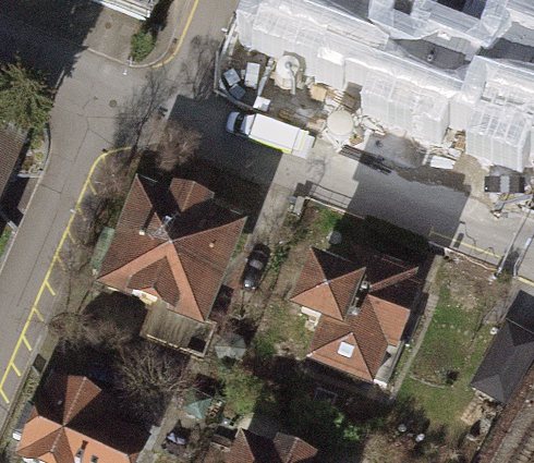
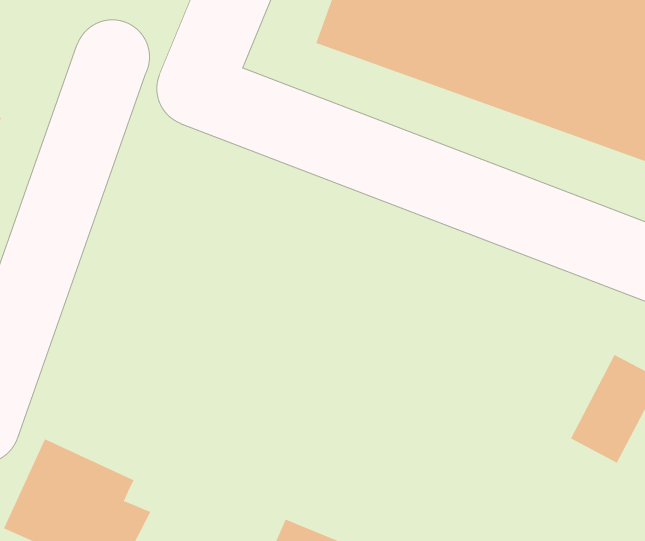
building: [105,186,228,342] -> none
building: [298,253,410,376] -> none

